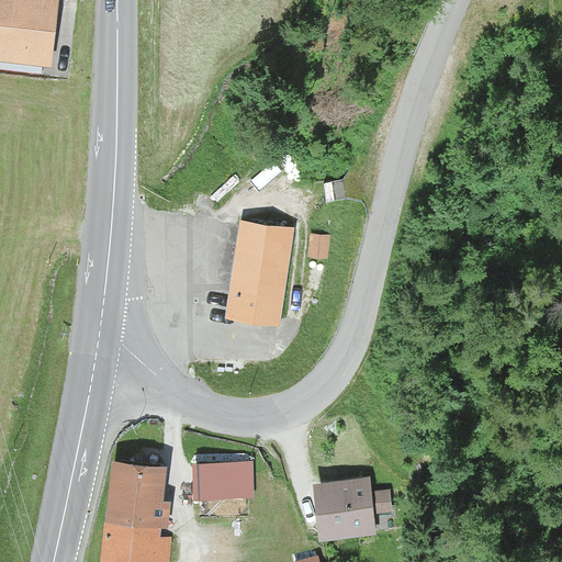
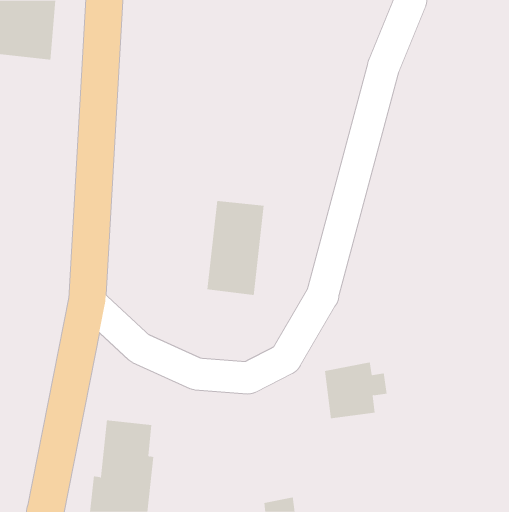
building: [196,460,249,499] -> none
building: [316,479,385,541] -> [324,362,387,419]

